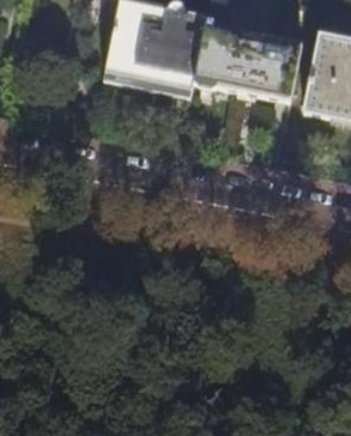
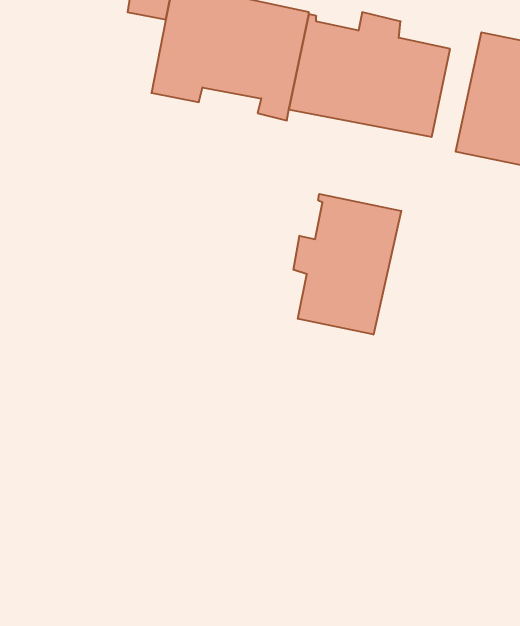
building: none -> [293,194,401,335]

